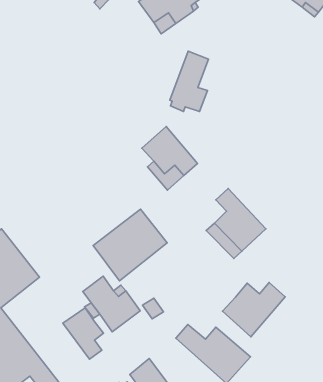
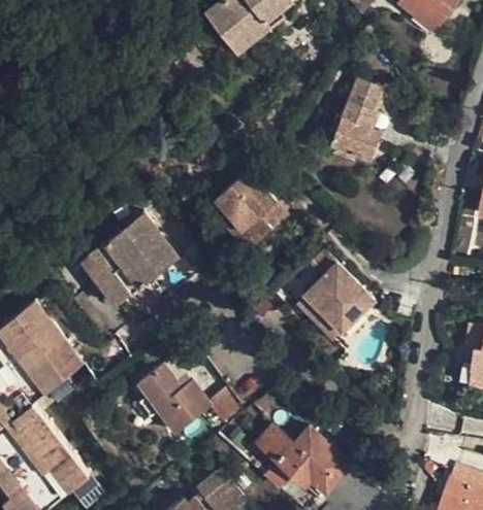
building: [170,51,208,112] -> [333,81,383,159]
building: [93,209,167,281] -> [82,213,176,305]
building: [222,282,285,337] -> none
building: [63,308,104,359] -> none

